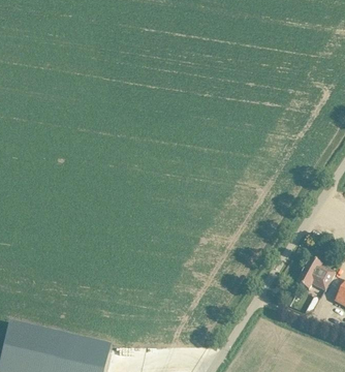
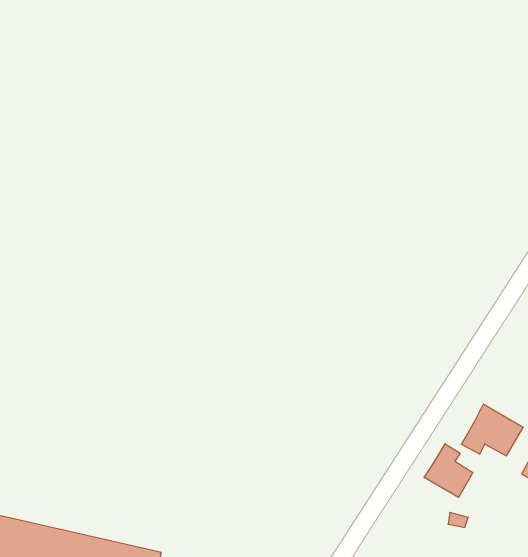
building: none -> [424,444,473,497]

